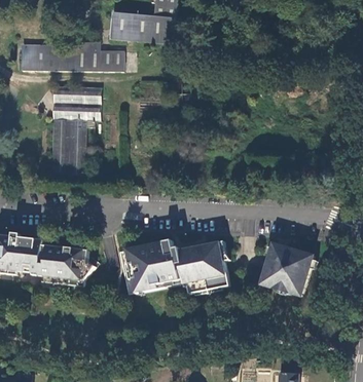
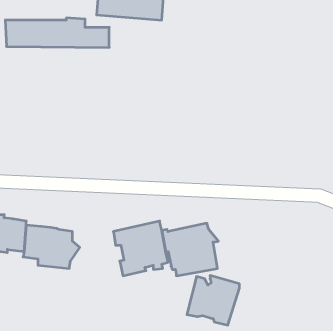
building: [51,85,101,176] -> none
building: [261,247,313,296] -> [187,276,239,325]

